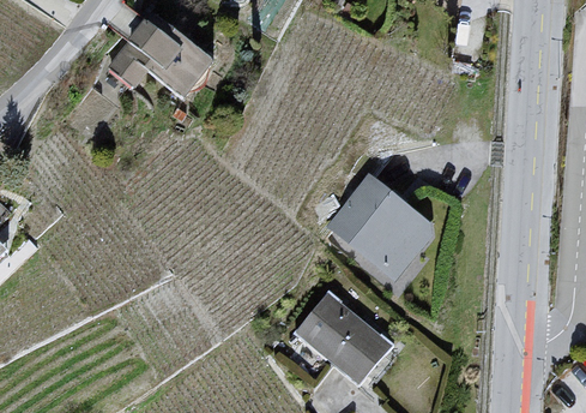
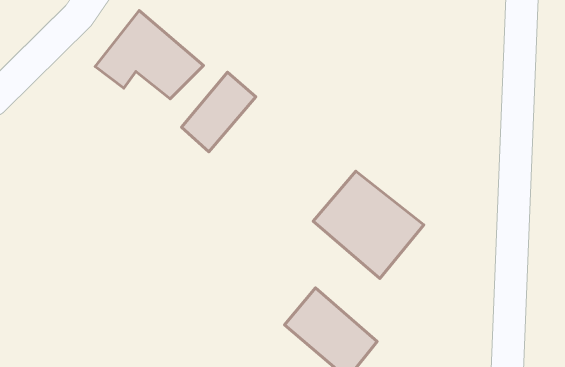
building: none -> [182,72,256,152]

